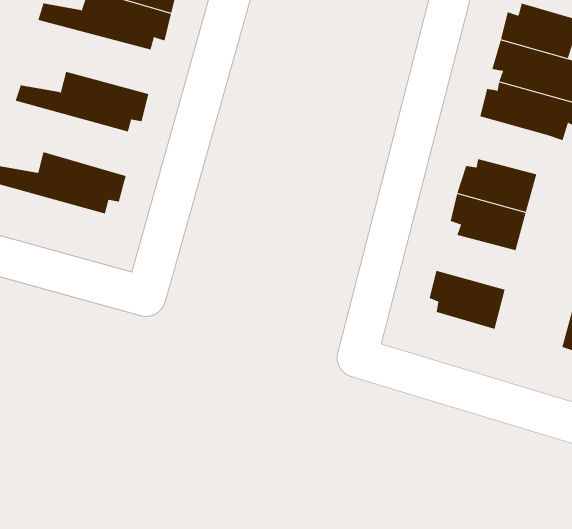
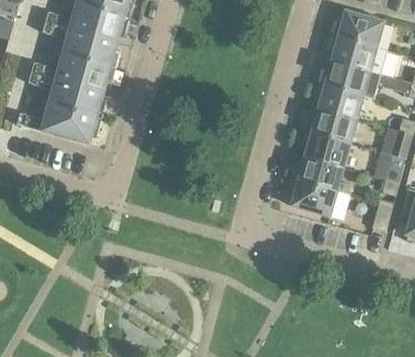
building: none -> [42,22,119,68]
building: none -> [27,72,105,119]
building: none -> [315,82,364,118]
building: none -> [293,157,349,193]

